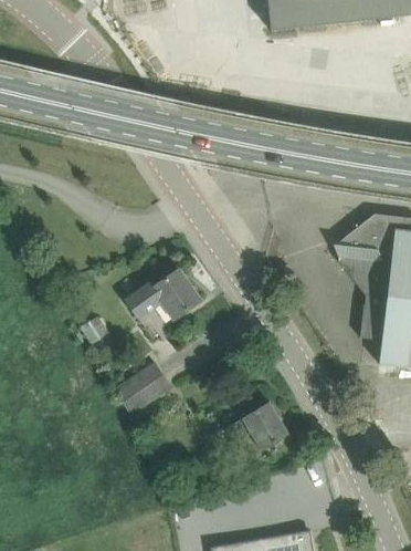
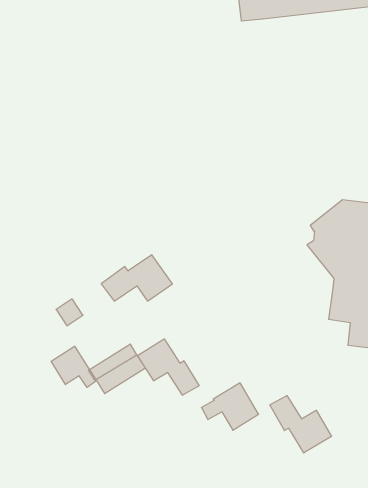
building: none -> [138,339,199,395]
building: none -> [51,346,96,387]
building: none -> [270,396,332,453]

